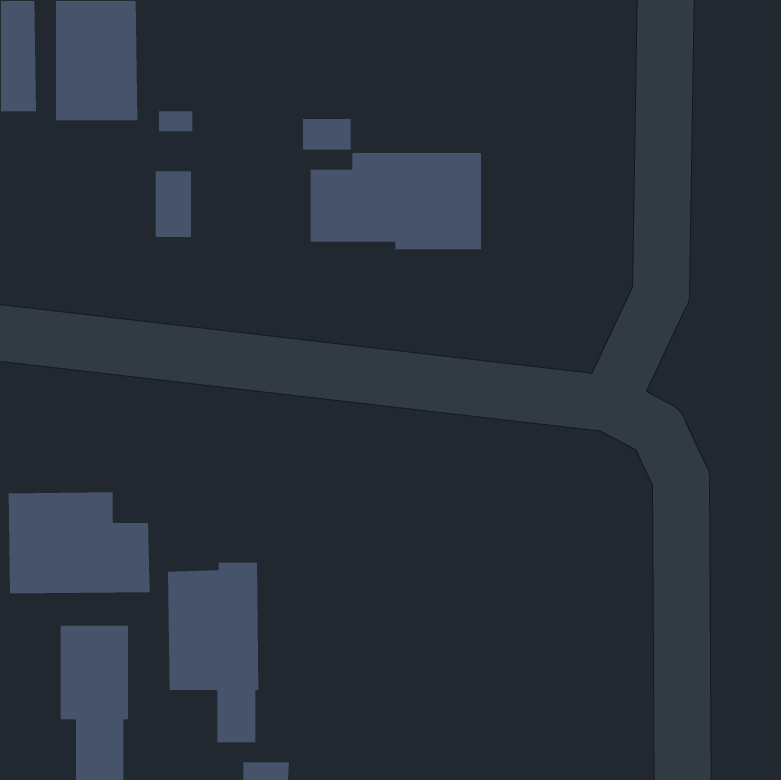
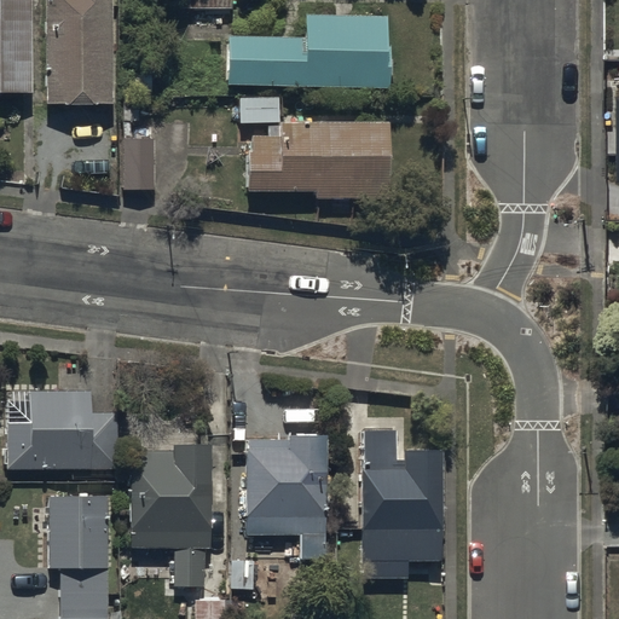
building: none -> [232,16,389,83]
building: none -> [245,434,326,560]
building: none -> [368,434,442,575]

